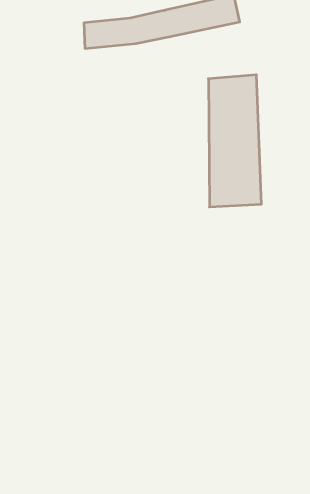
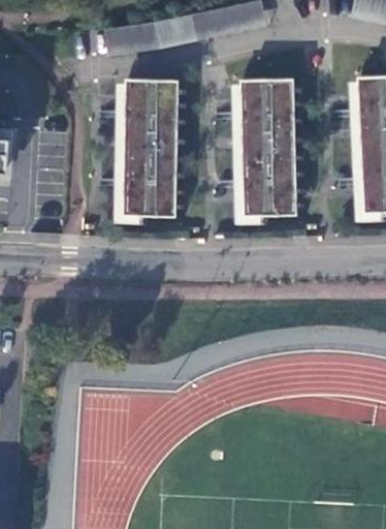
building: none -> [119,80,178,217]

